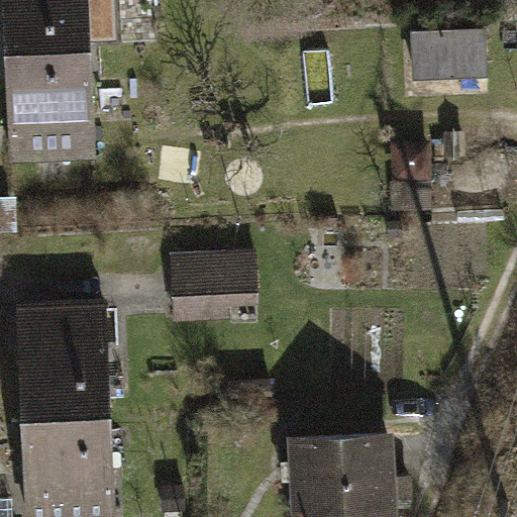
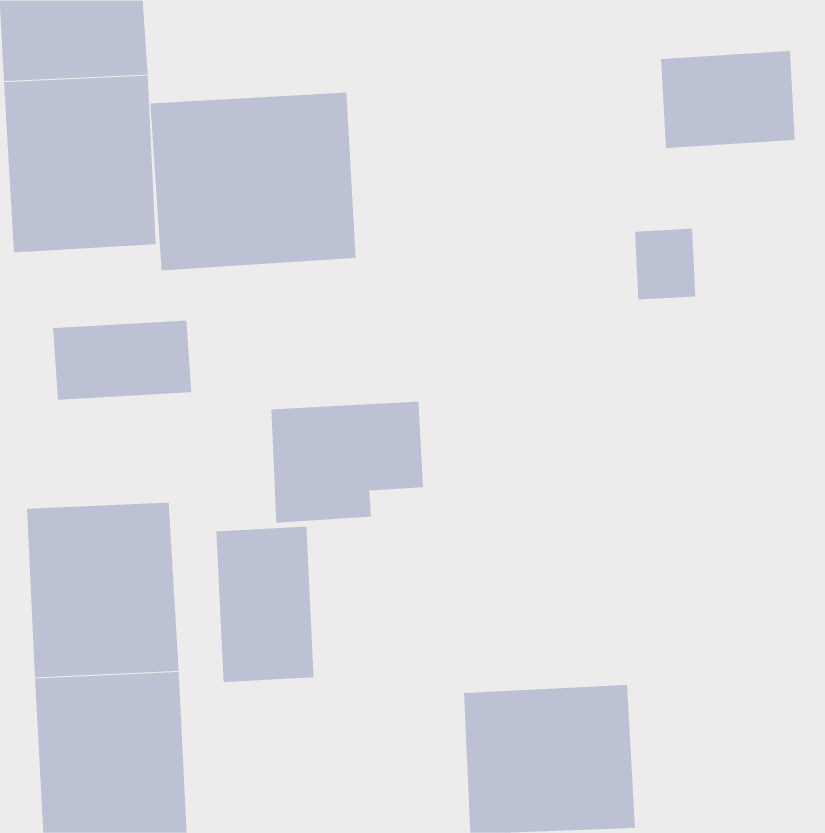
building: none -> [150,92,356,271]
building: none -> [53,320,192,401]
building: none -> [216,526,314,683]

